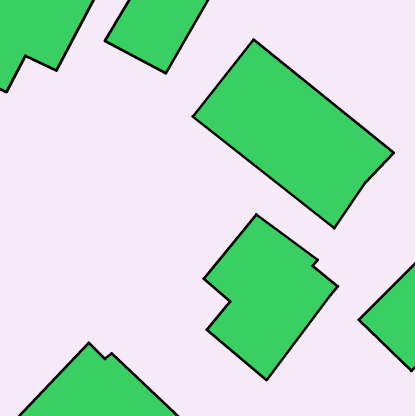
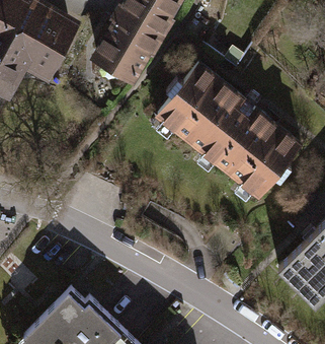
building: [204,214,338,380] -> none

